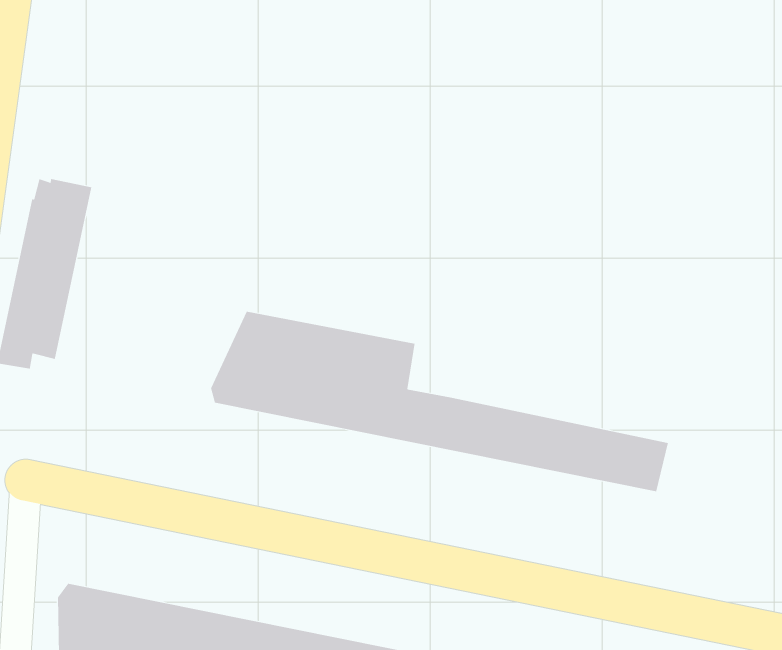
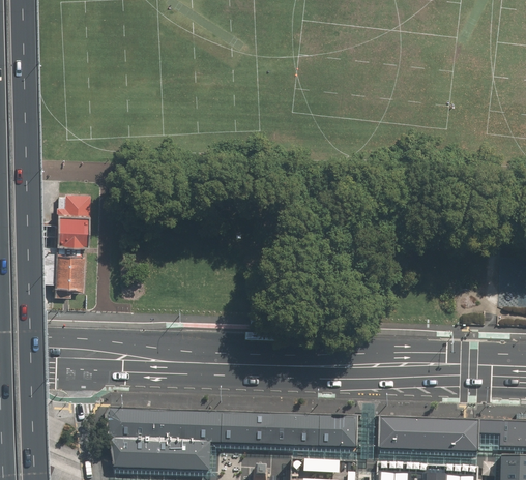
building: [210,311,668,492] -> none

